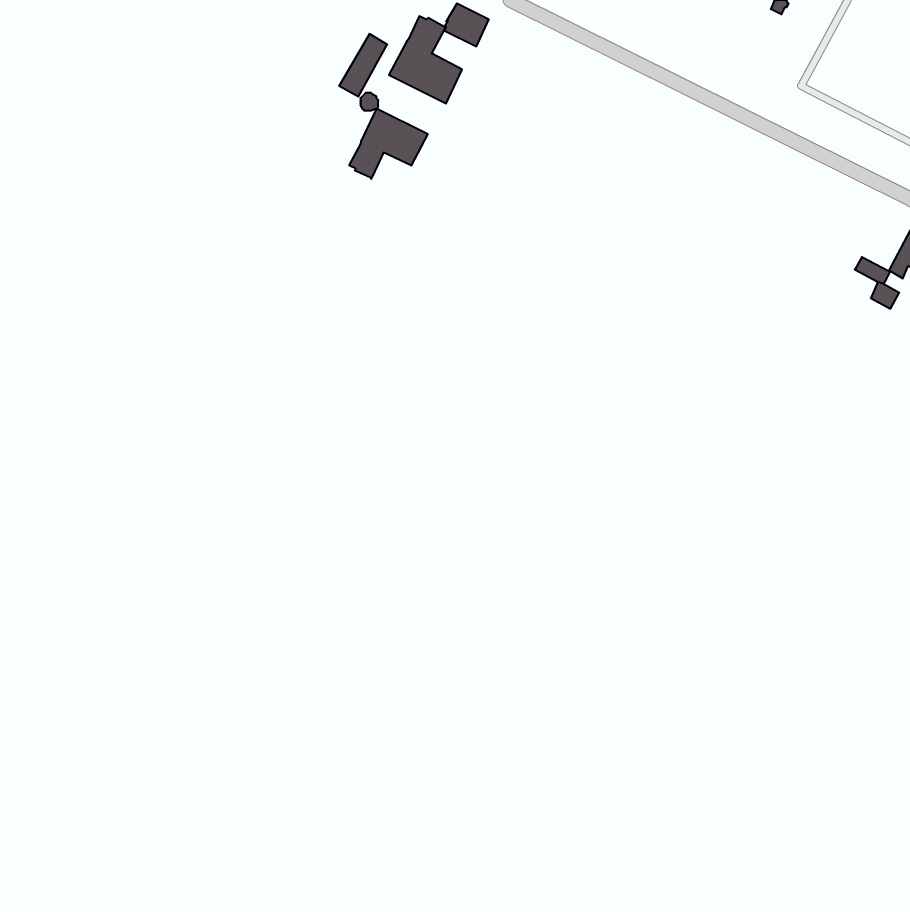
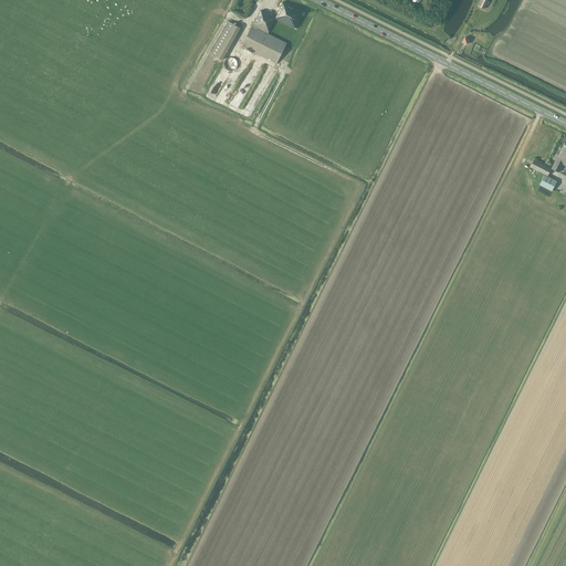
building: [349,108,428,179] -> none

